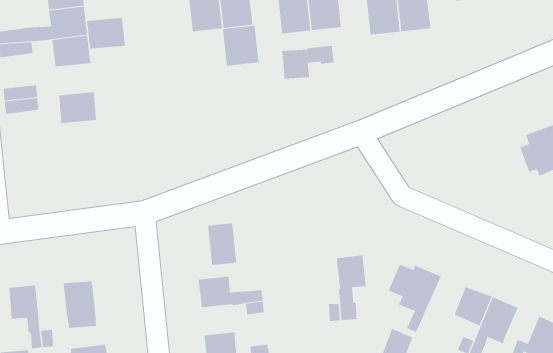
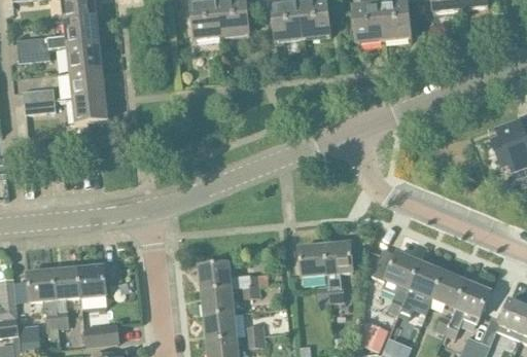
building: [86,17,126,49] -> [69,69,105,98]
building: [222,25,259,66] -> none
building: [282,45,334,80] -> none
building: [208,222,237,266] -> none
building: none -> [297,246,327,277]
building: none -> [397,262,442,319]
building: none -> [51,269,79,299]
building: none -> [202,288,233,316]

